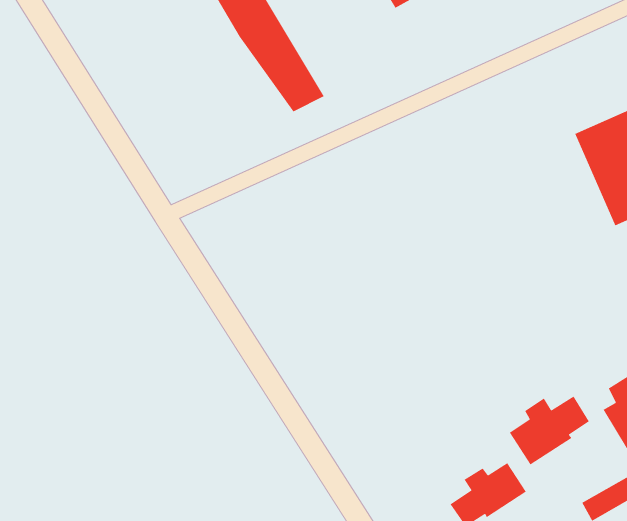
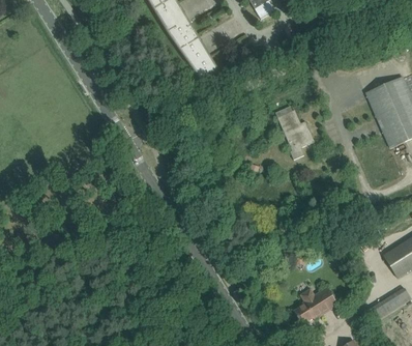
building: none -> [276,105,315,157]
building: [509,395,590,465] -> none

